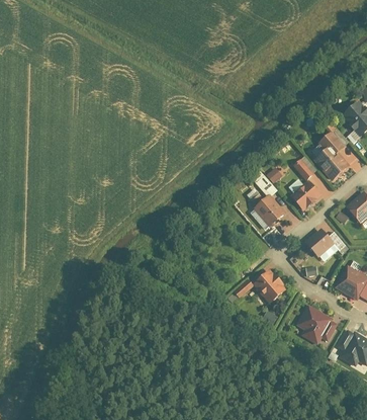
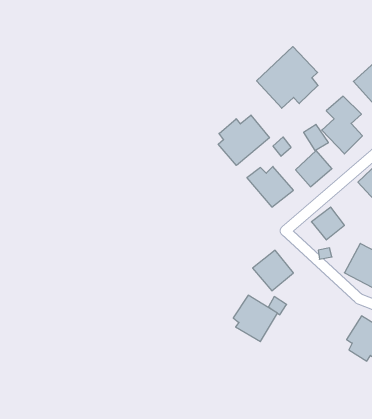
building: none -> [257,47,318,108]
building: none -> [218,115,269,165]
building: [294,304,334,345] -> [233,295,277,342]

